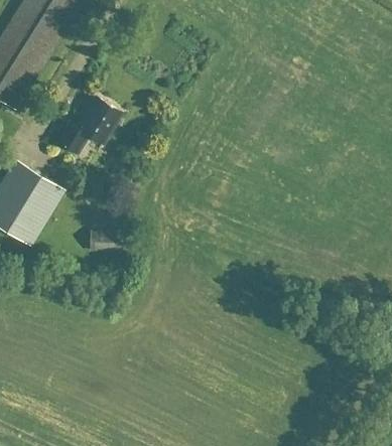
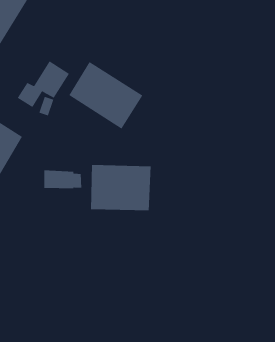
building: none -> [68,61,143,130]
building: none -> [91,164,151,211]

